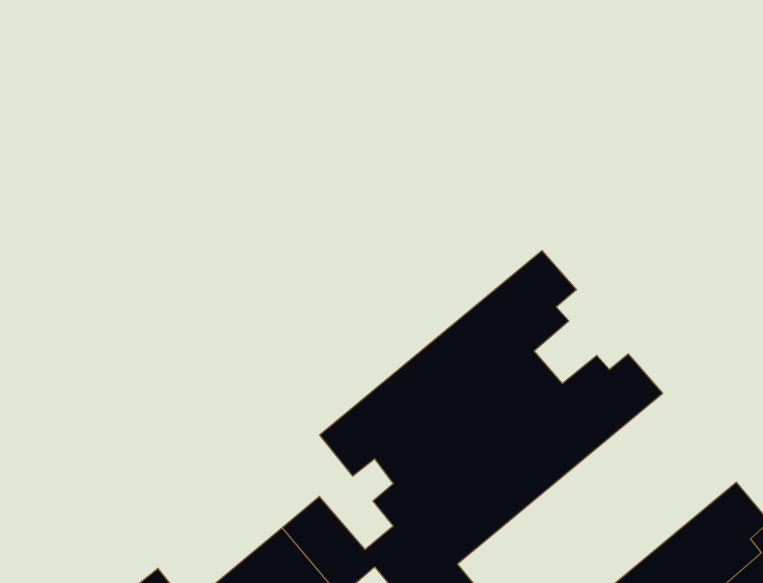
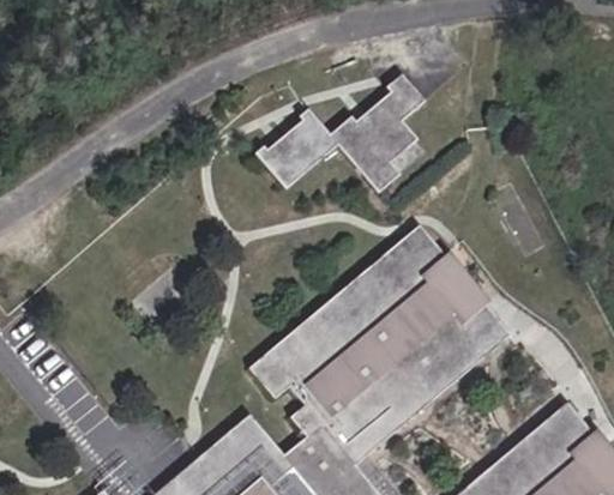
building: none -> [257,76,427,194]
building: none -> [414,256,486,328]

